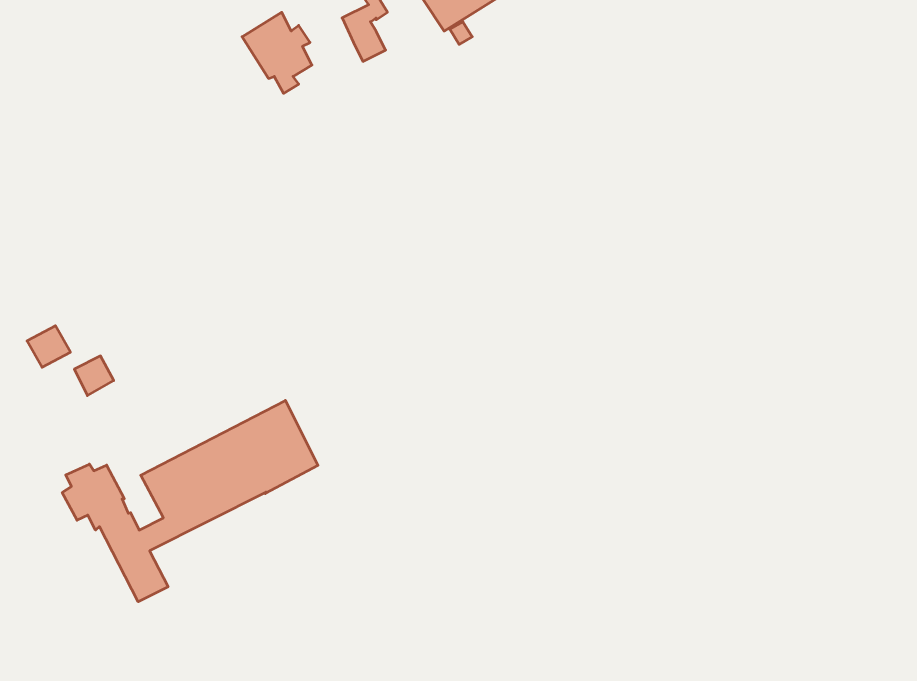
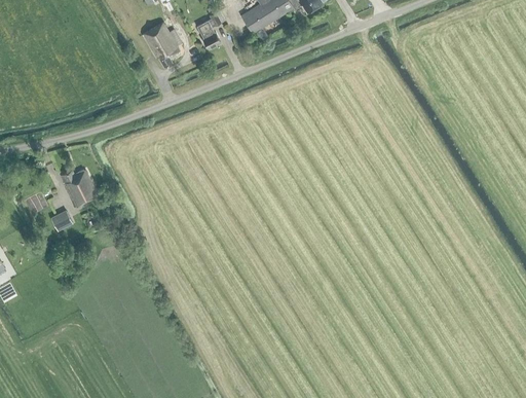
building: none -> [61,171,98,208]
building: [62,400,318,602] -> none

